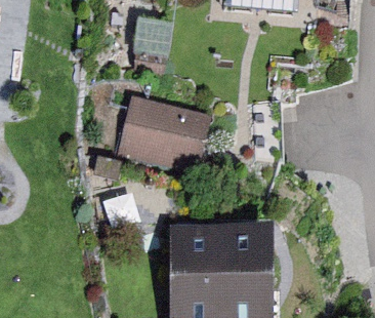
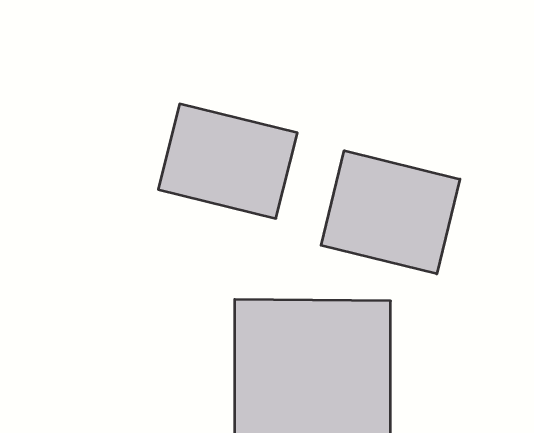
building: none -> [321,151,460,274]

